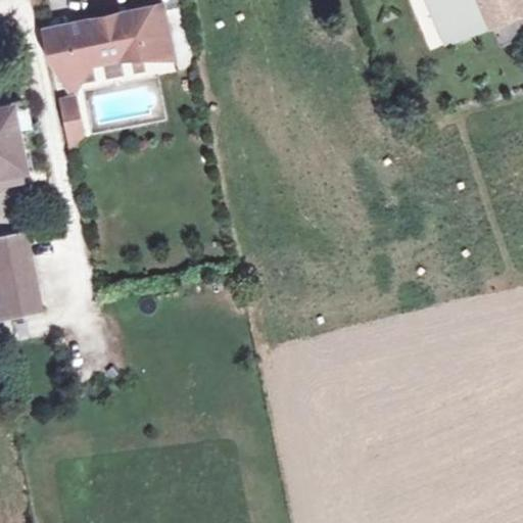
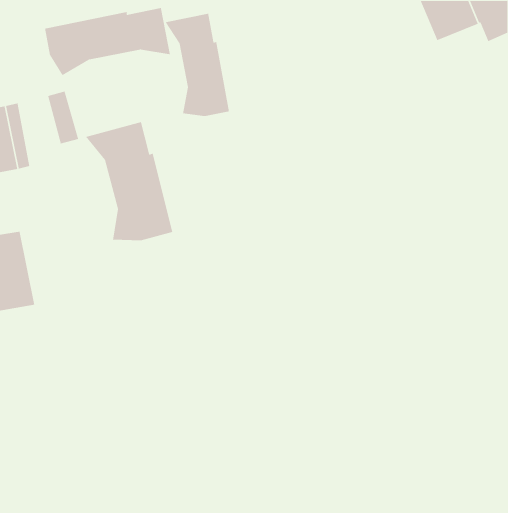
building: none -> [164,13,230,117]
building: none -> [85,121,173,241]

